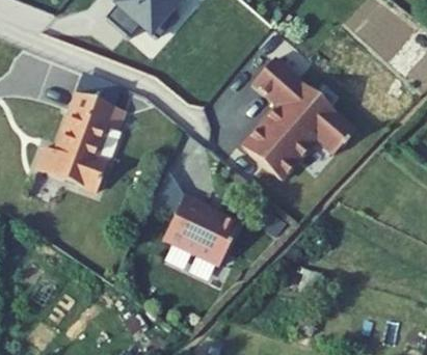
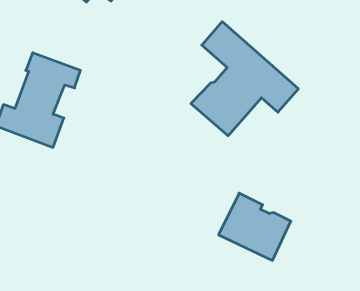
building: [163,194,240,266] -> [219,193,291,260]

